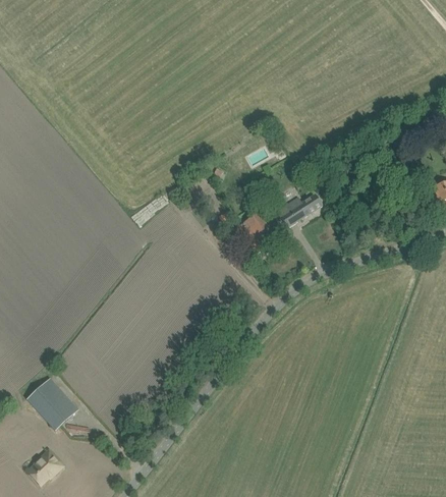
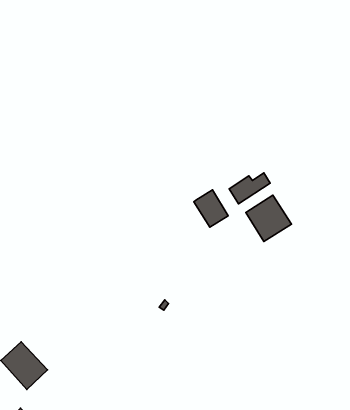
building: none -> [246,195,292,241]

